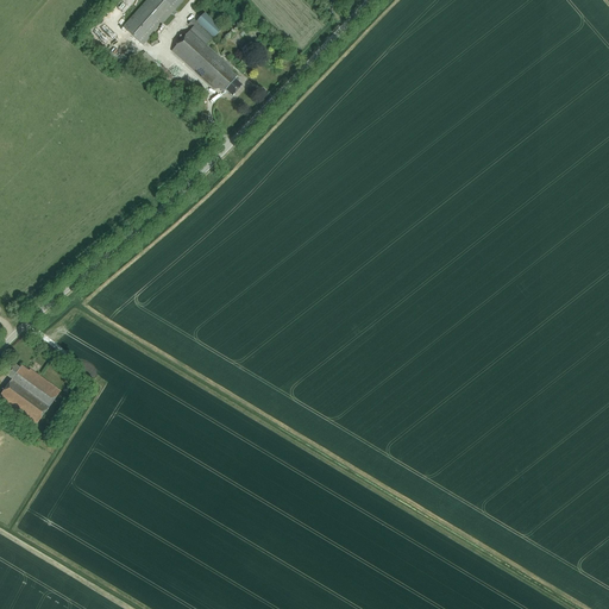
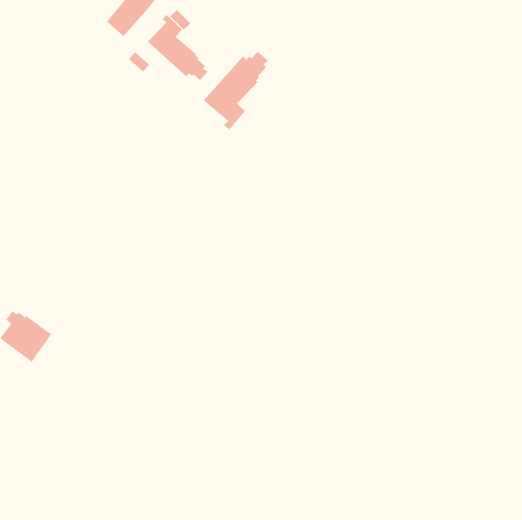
building: none -> [203,51,269,130]

